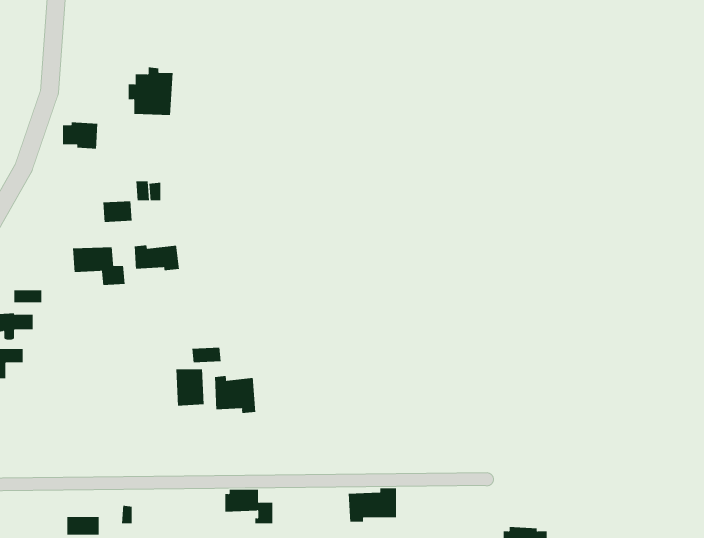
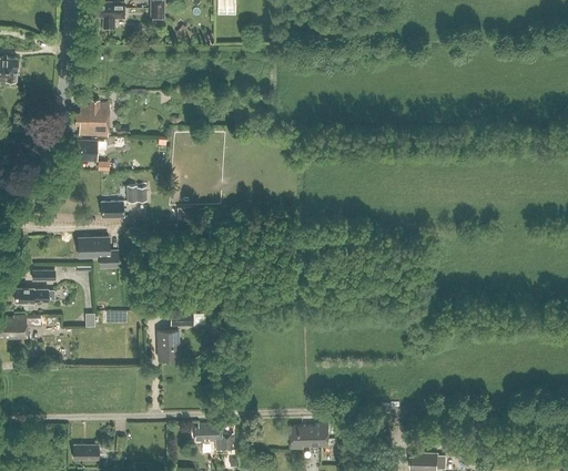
building: [128,67,174,116] -> [73,99,109,136]
building: [134,245,179,271] -> none
building: [214,375,256,414] -> none

